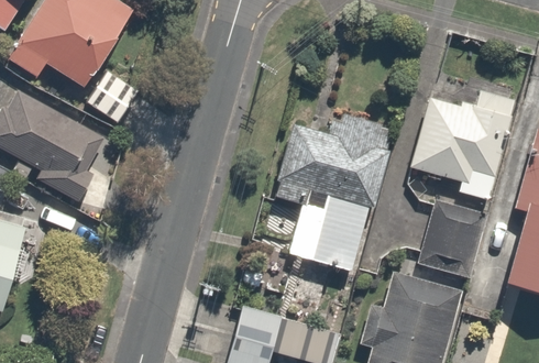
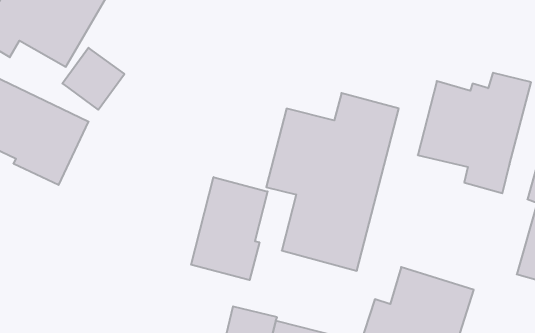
building: none -> [191,177,268,280]
building: [417,199,487,278] -> none

